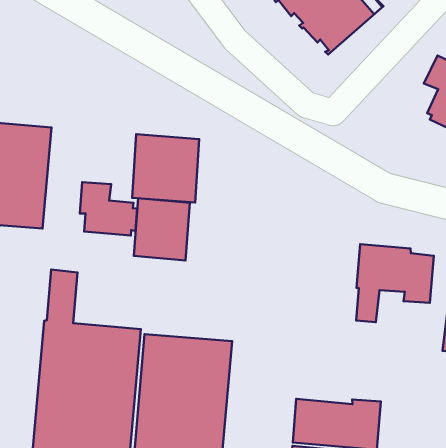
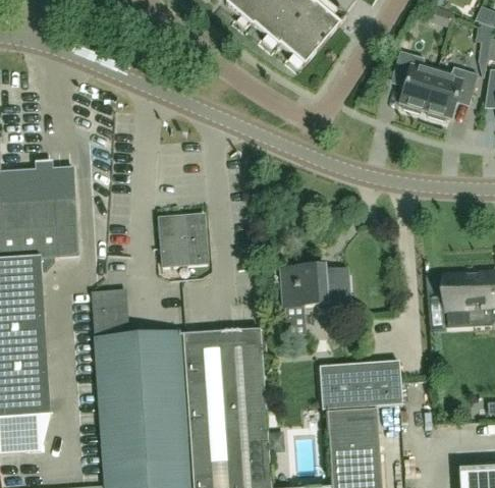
building: [132,134,199,203] -> none
building: [80,182,137,235] -> none
building: [356,244,434,322] -> [280,265,349,335]

